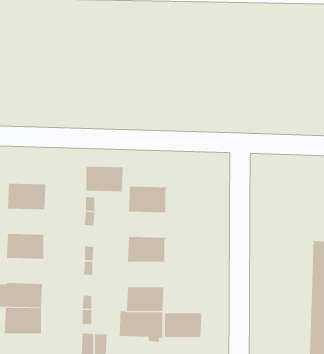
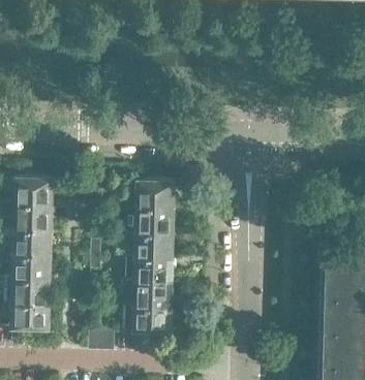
building: [86,166,123,192] -> [135,218,174,244]
building: none -> [13,215,52,241]
building: none -> [12,264,51,290]
building: [164,313,202,337] -> [134,268,173,293]

